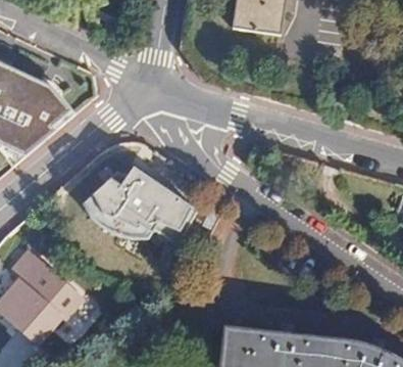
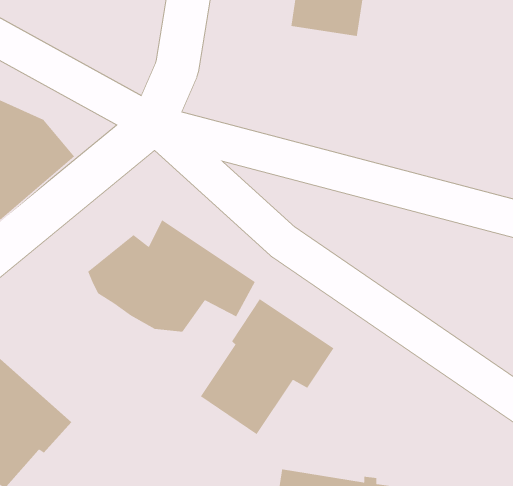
building: none -> [200,298,334,435]

